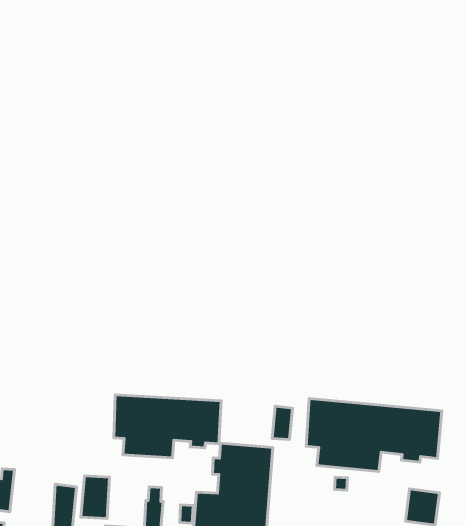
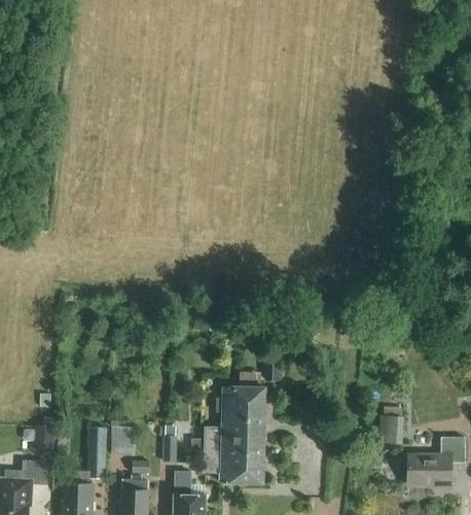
building: [114,395,221,458] -> none
building: [306,398,442,471] -> none

